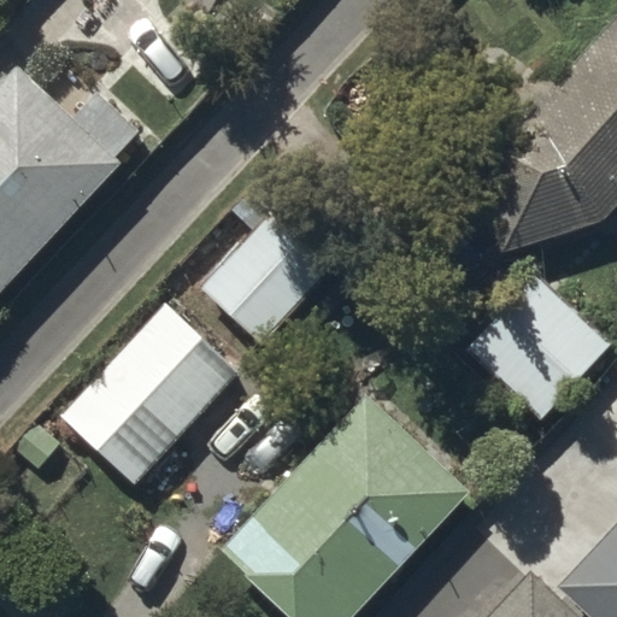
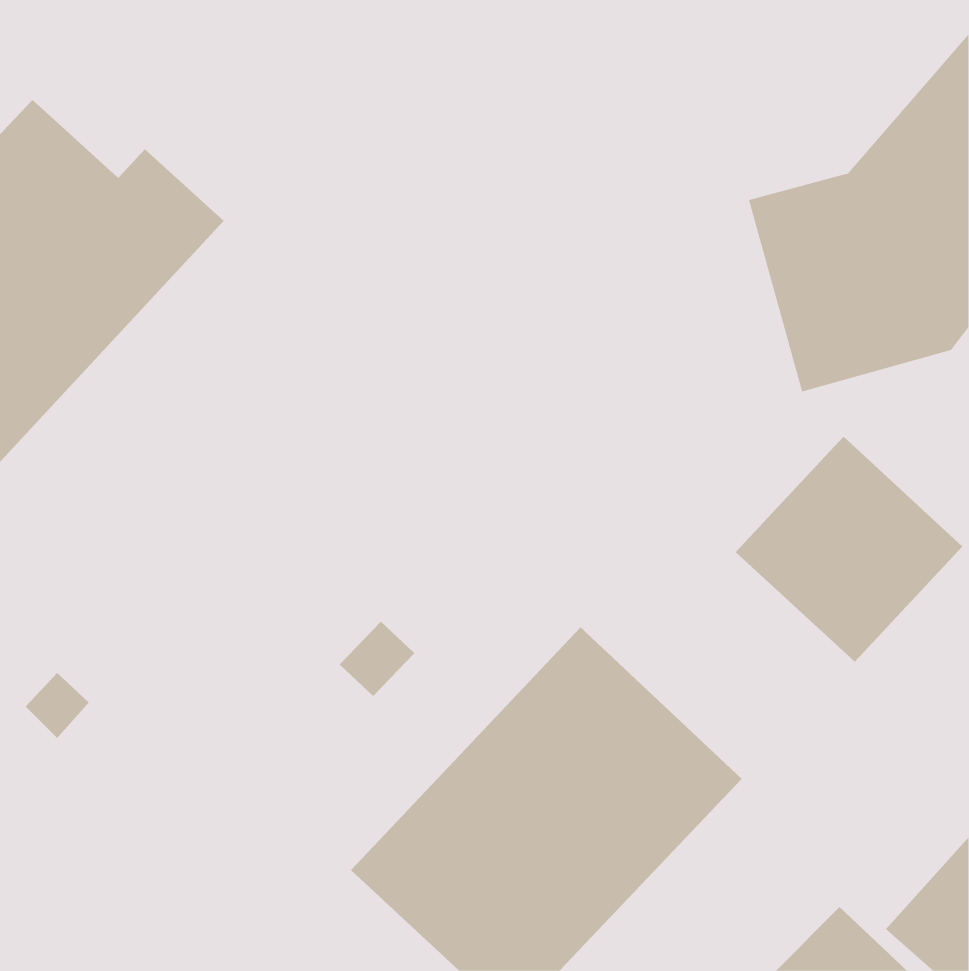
building: [202,212,331,341] -> none
building: [61,306,237,483] -> none

